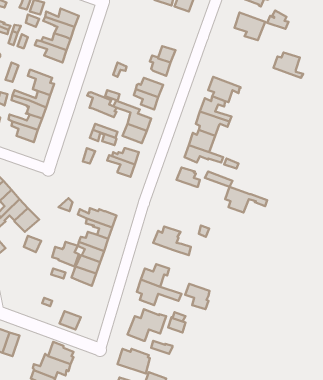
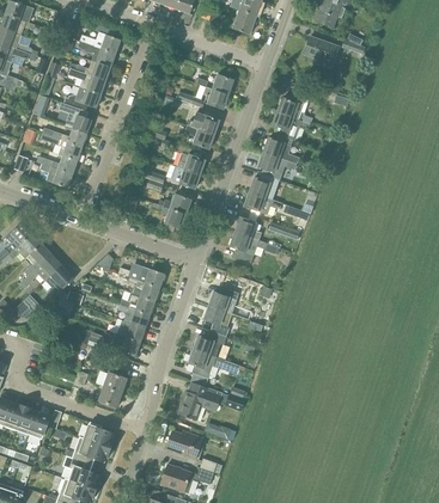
building: [273,52,303,78] -> [278,93,312,123]
building: none -> [63,86,100,112]
building: [87,92,117,117] -> none
building: [225,187,267,212] -> [230,232,279,262]
building: [52,242,79,266] -> [96,364,127,393]
building: [185,284,209,309] -> [202,306,231,336]

